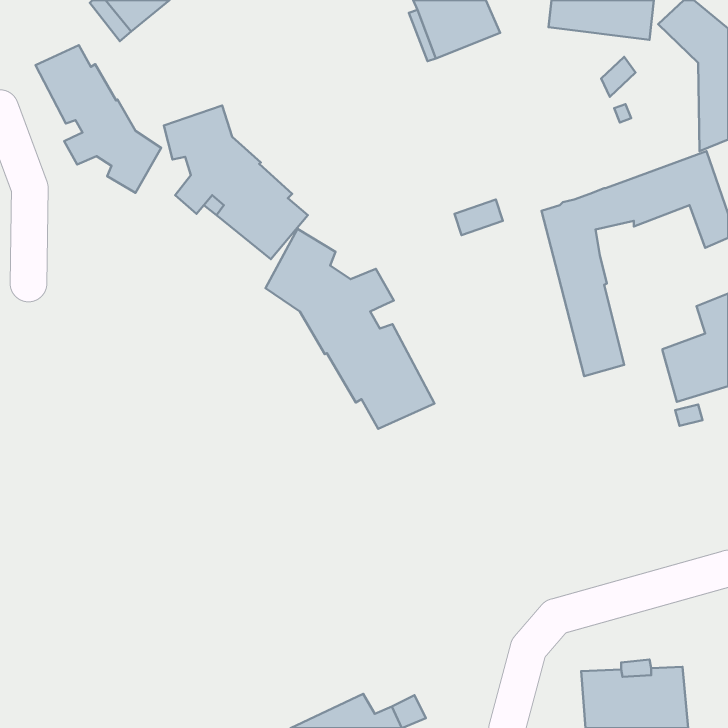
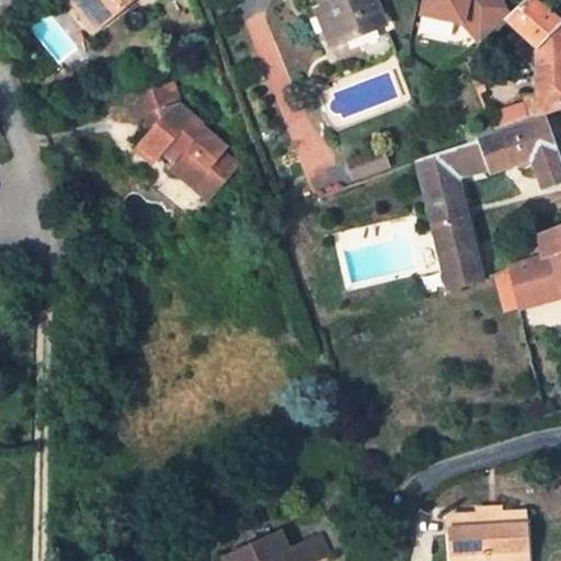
building: [36,45,161,193] -> none
building: [266,229,435,429] -> none

